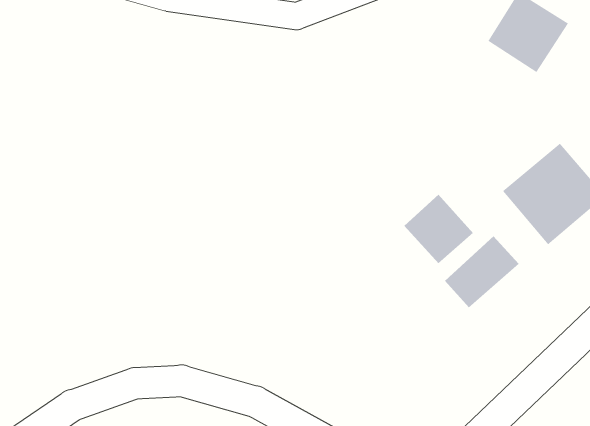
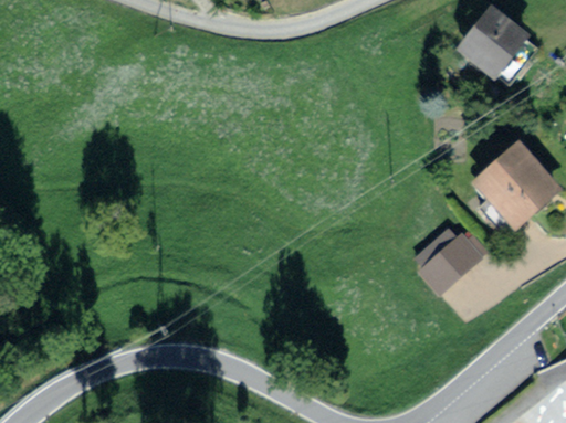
building: [403,194,474,264] -> none

